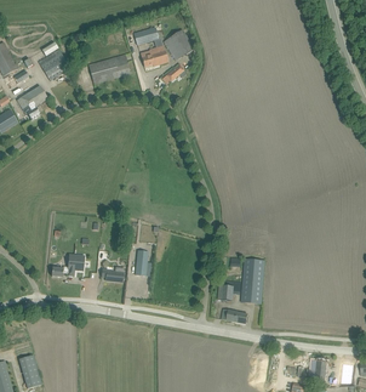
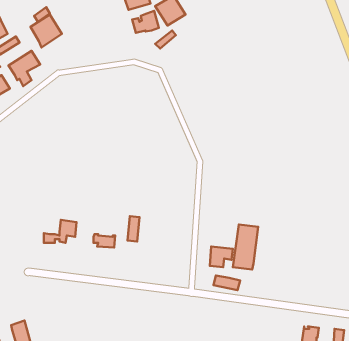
building: [88,55,131,84] -> none

